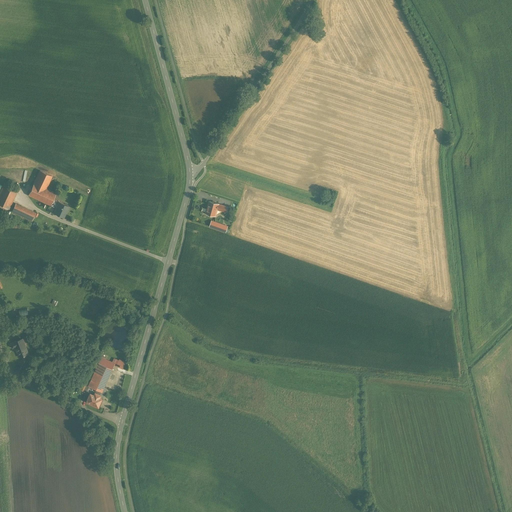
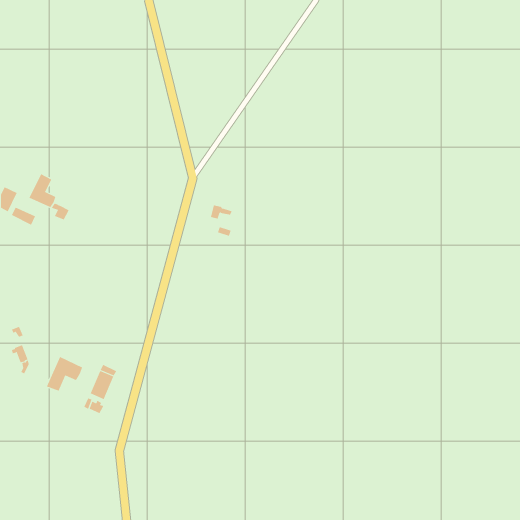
building: none -> [46,356,83,392]

